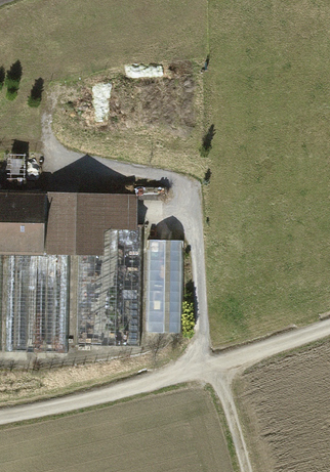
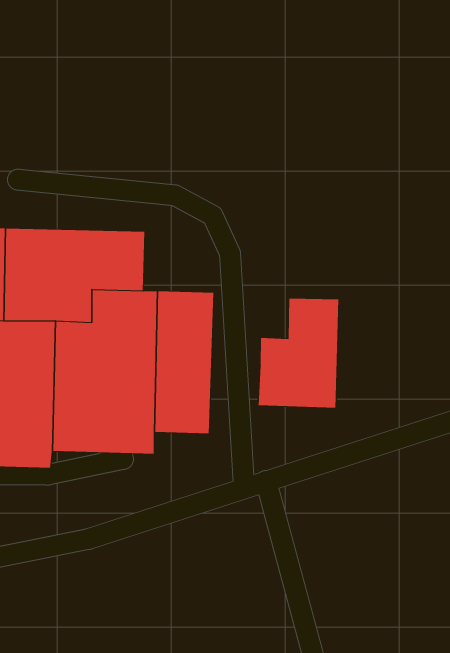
building: none -> [258,298,339,409]

